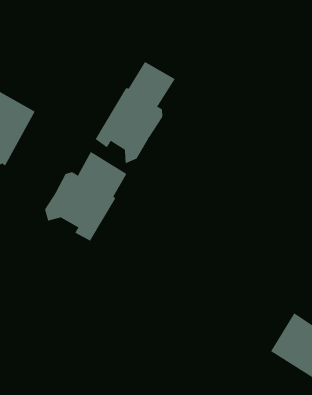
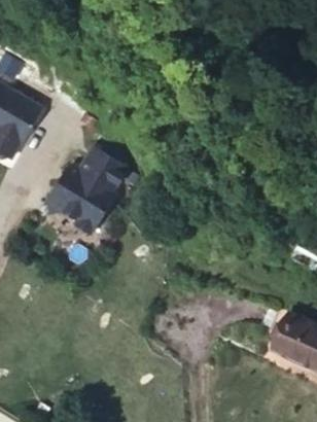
building: [95,61,176,164] -> none

